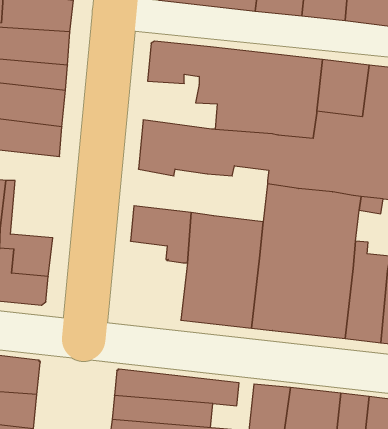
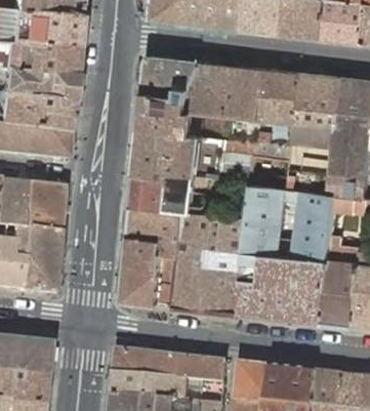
building: none -> [139,85,206,134]
building: none -> [131,170,204,212]
building: none -> [20,180,63,232]
building: none -> [121,235,175,305]

